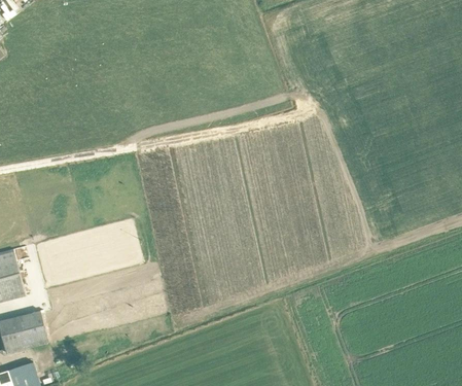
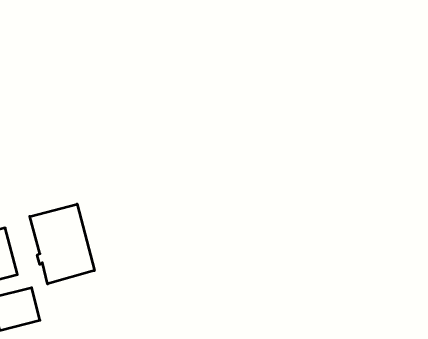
building: none -> [30,204,94,284]

